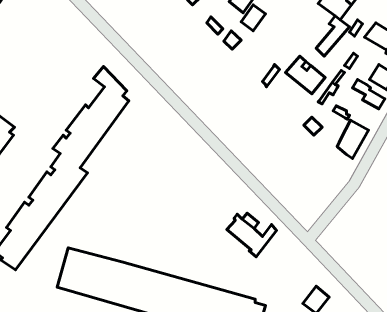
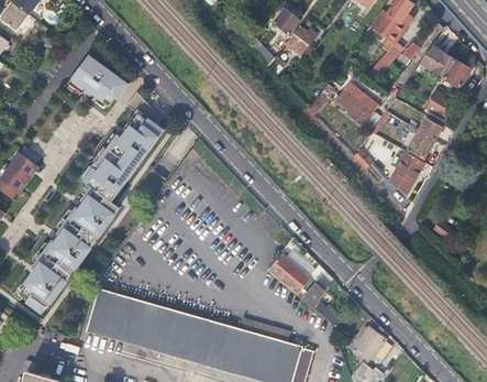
building: none -> [68,55,128,106]
building: none -> [398,120,435,159]
building: none -> [302,271,332,320]

